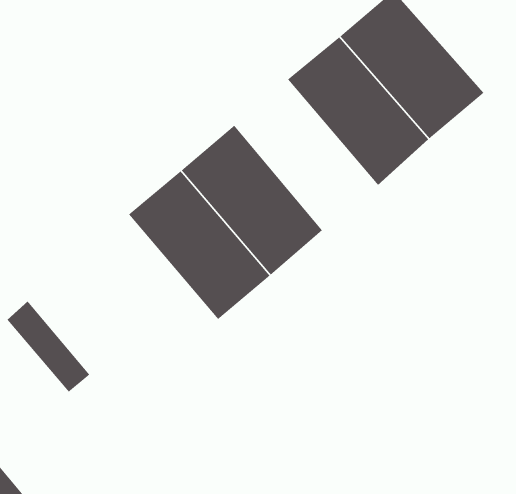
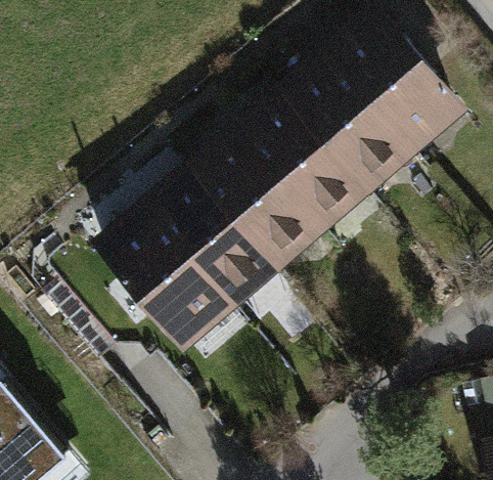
building: none -> [242,102,365,231]
building: none -> [105,218,228,346]

